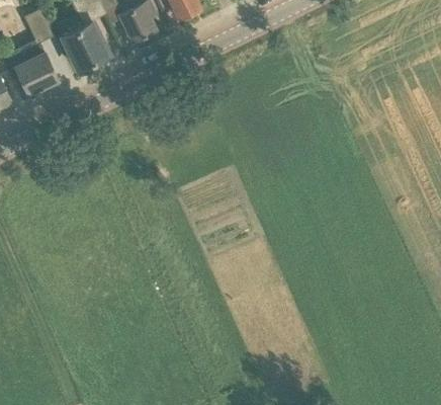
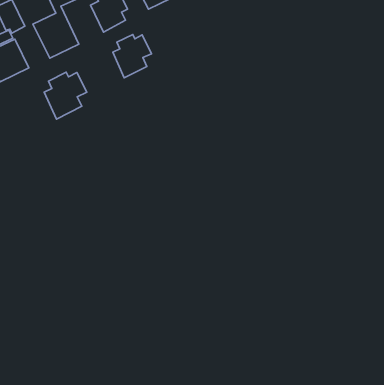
building: none -> [113,34,151,78]
building: none -> [44,72,87,119]

